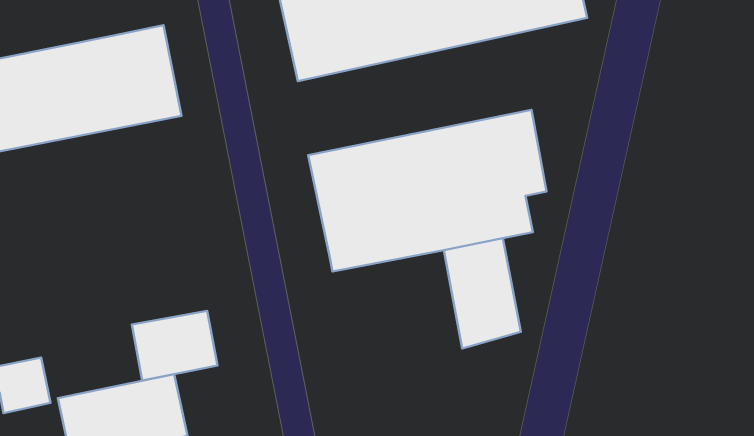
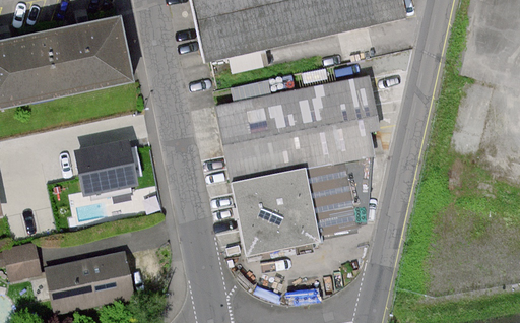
building: none -> [232,170,320,255]
building: [132,311,218,380] -> [78,144,136,191]

